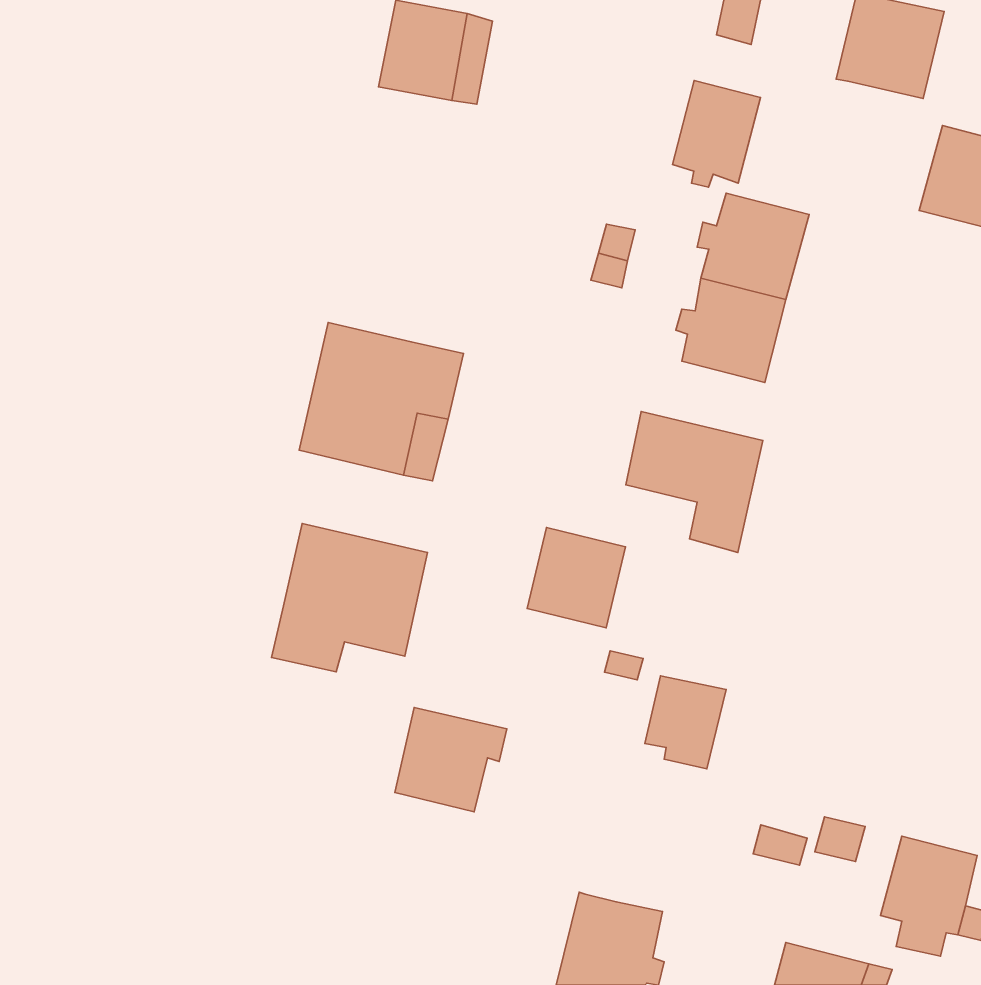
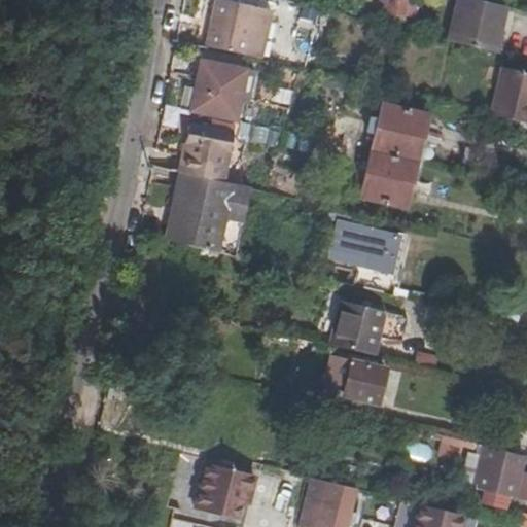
building: [673,81,761,187] -> none
building: none -> [190,60,244,118]
building: none -> [178,127,232,182]
building: [272,524,427,672] -> none
building: [527,527,626,628] -> [336,303,388,356]
building: [395,708,507,812] -> [196,464,255,520]

